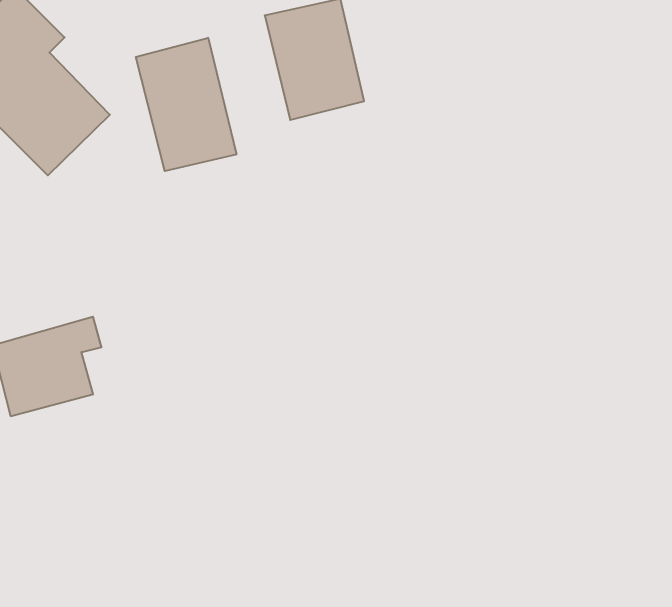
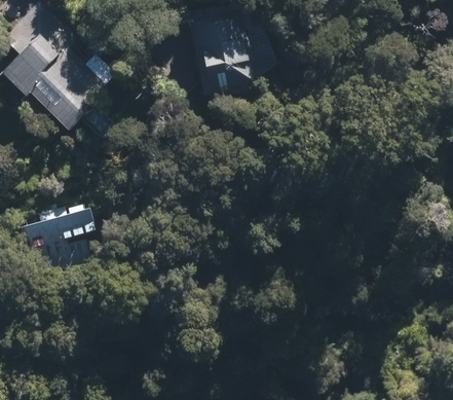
building: [136,38,236,171] -> none

